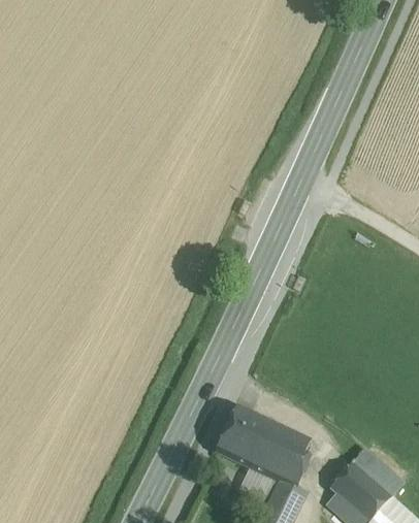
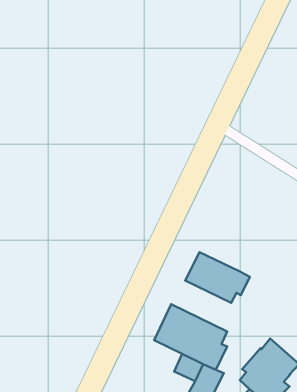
building: none -> [185,252,250,303]

